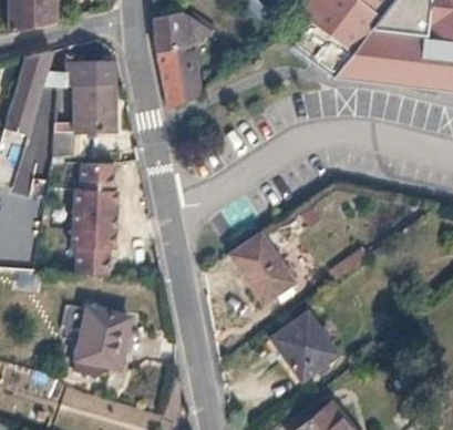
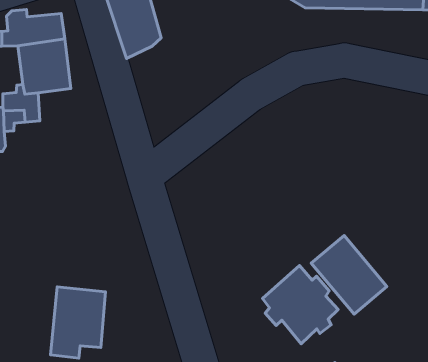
building: [75,163,117,275] -> none
building: [229,232,296,304] -> [311,235,387,314]

